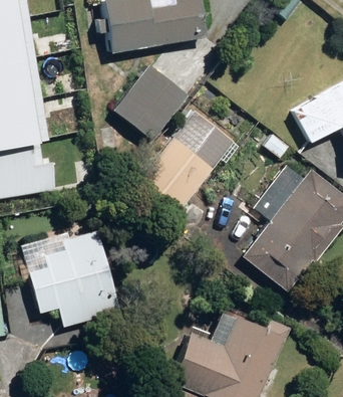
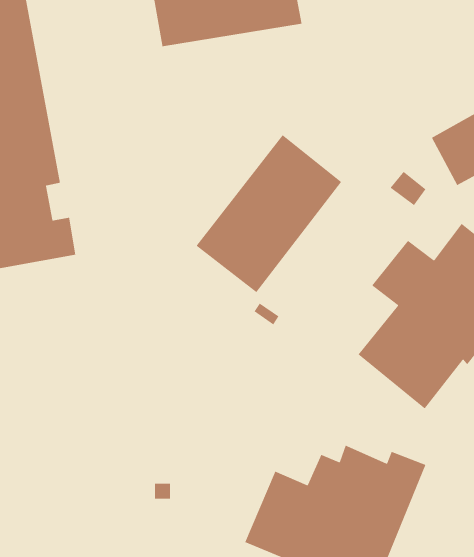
building: [113,63,189,141] -> none
building: [22,231,120,325] -> none

